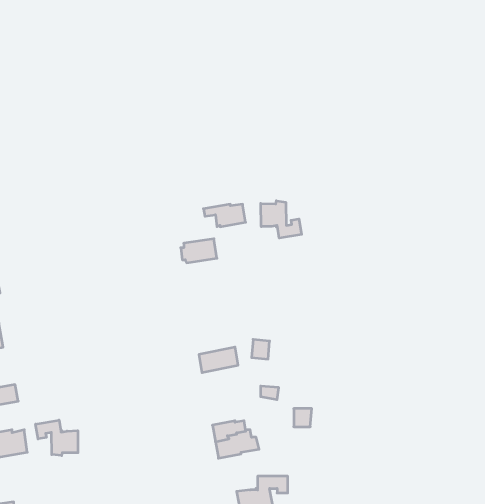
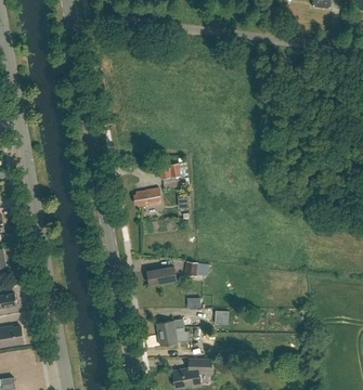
building: [261,201,302,238] -> none
building: [36,420,78,456] -> none

